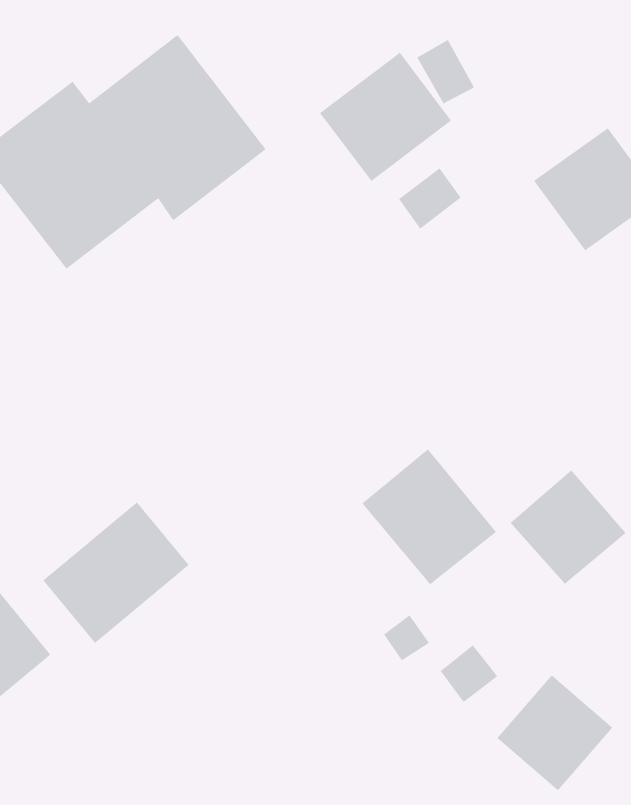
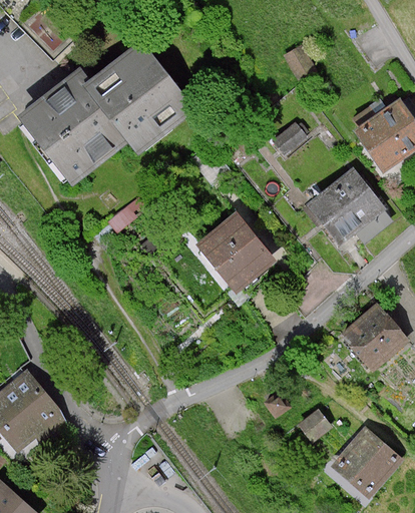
building: [319,52,452,182] -> none
building: none -> [307,167,385,245]
building: [362,448,497,585] -> [195,211,277,294]
building: [42,501,190,644] -> none

